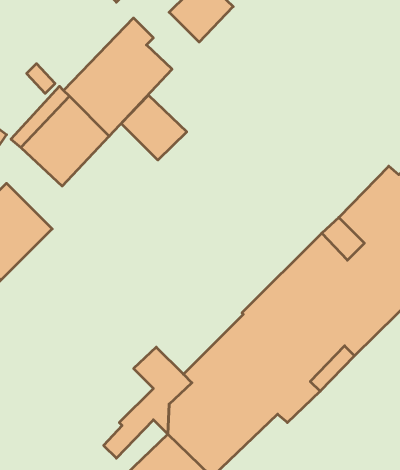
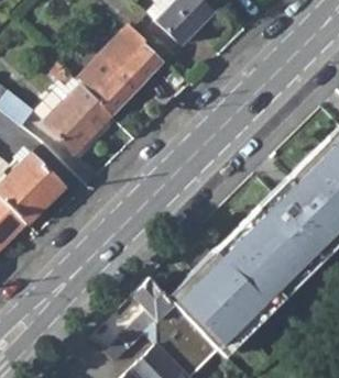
building: [121,95,187,160] -> none

